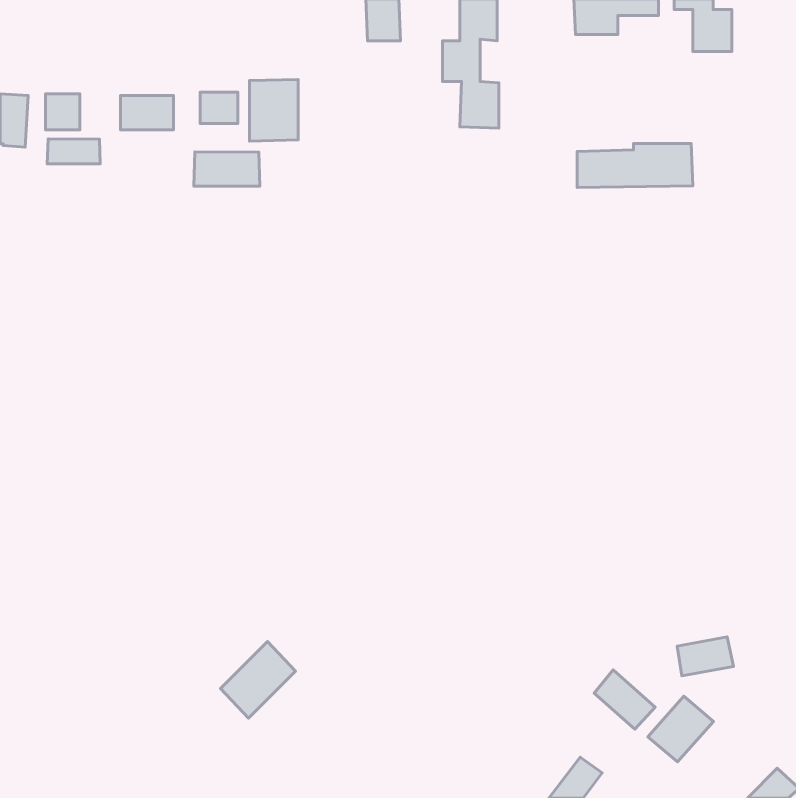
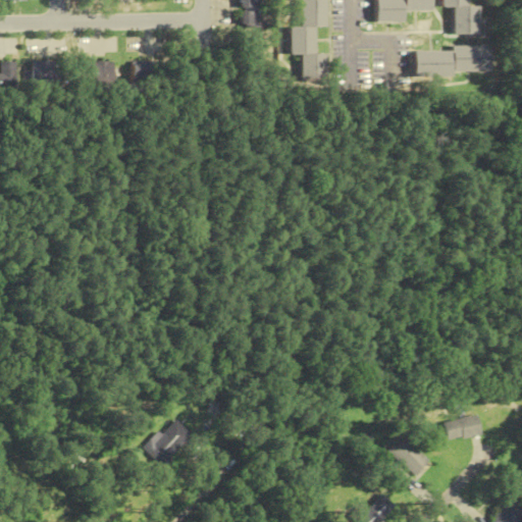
building: [249,79,298,141] -> none
building: [47,139,100,164] -> none
building: [577,144,693,187] -> [415,46,490,74]
building: [194,152,260,186] -> none
building: [648,696,714,762] -> none

